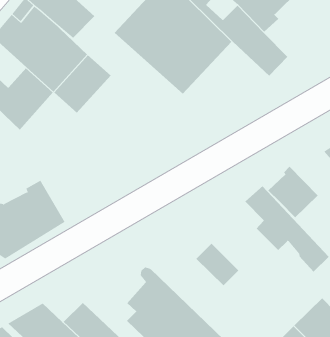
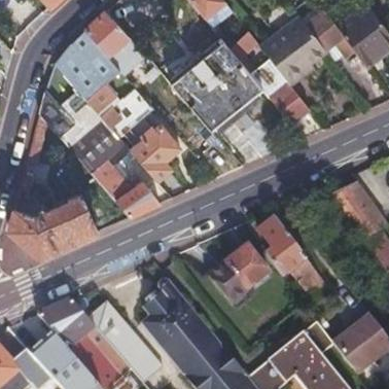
building: none -> [131,122,181,180]
building: none -> [70,119,160,216]
building: [268,166,319,218] -> [224,243,269,289]

